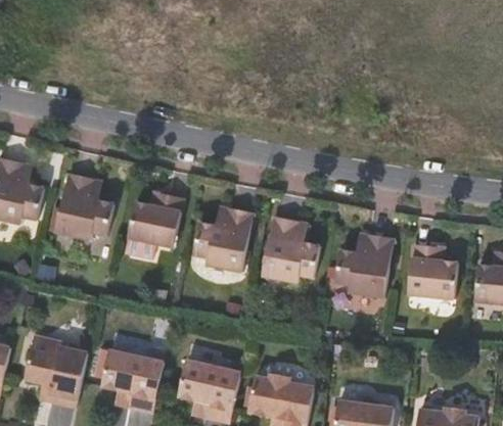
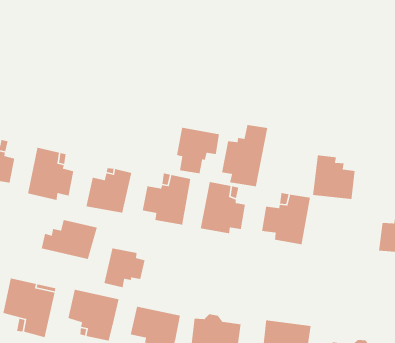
building: none -> [221,124,268,187]
building: none -> [176,127,220,174]
building: [406,245,458,299] -> [312,154,356,200]
building: none -> [41,219,98,260]
building: none -> [104,247,145,288]

